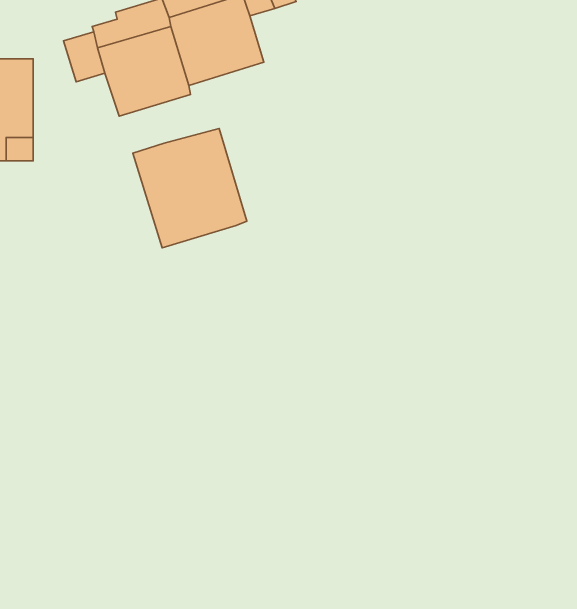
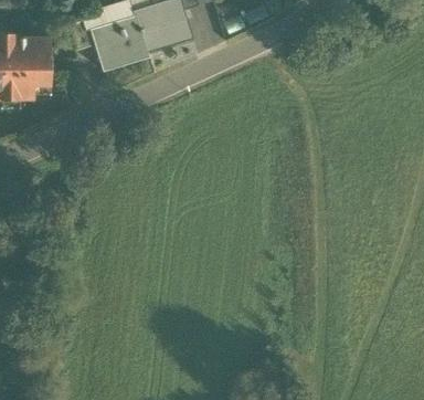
building: [133,129,247,248] -> none

